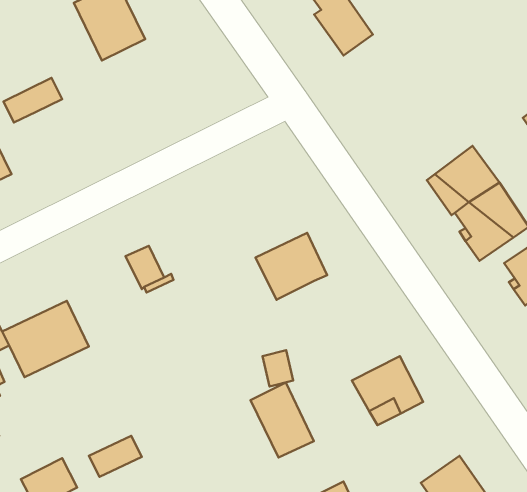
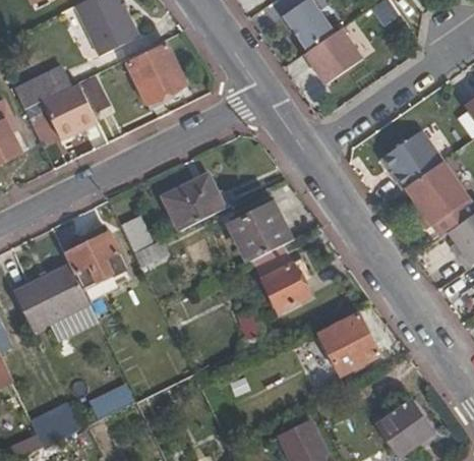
building: none -> [304,27,363,84]
building: none -> [127,45,184,104]
building: none -> [43,82,98,139]
building: none -> [163,174,227,231]
building: none -> [67,225,119,280]
building: [251,382,314,458] -> [253,246,308,311]

